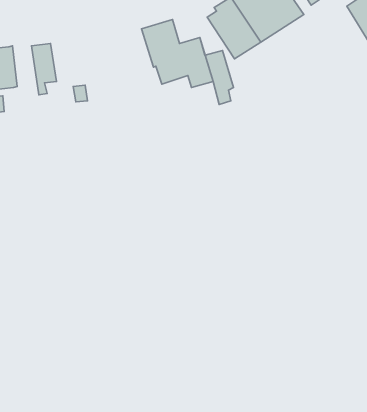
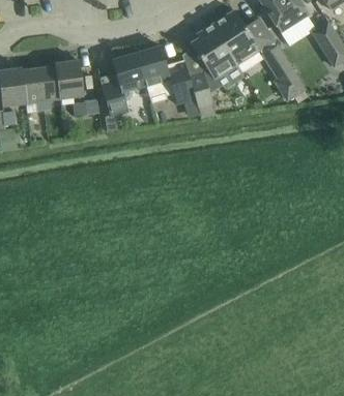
building: none -> [262,44,300,89]
building: none -> [102,53,144,132]
building: none -> [55,60,84,98]
building: none -> [22,67,45,111]

